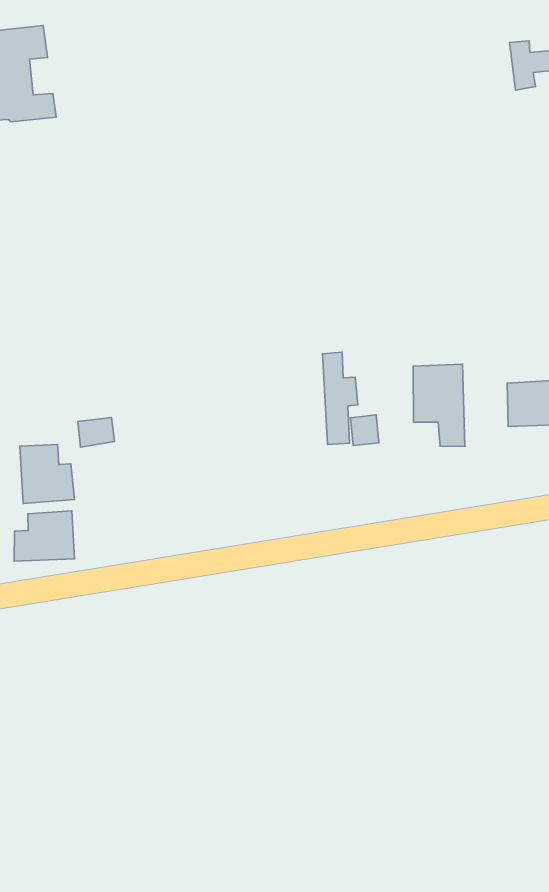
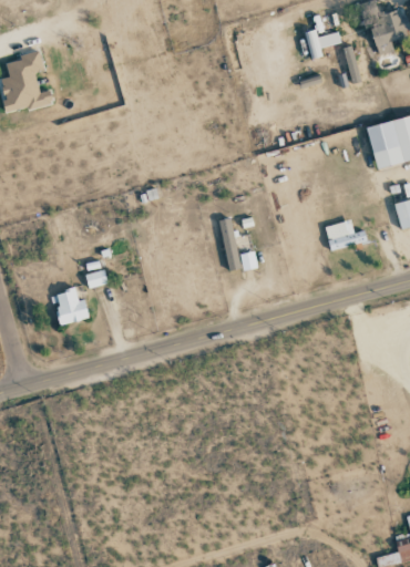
building: [413,364,465,446] -> none
building: [14,511,75,561] -> none

